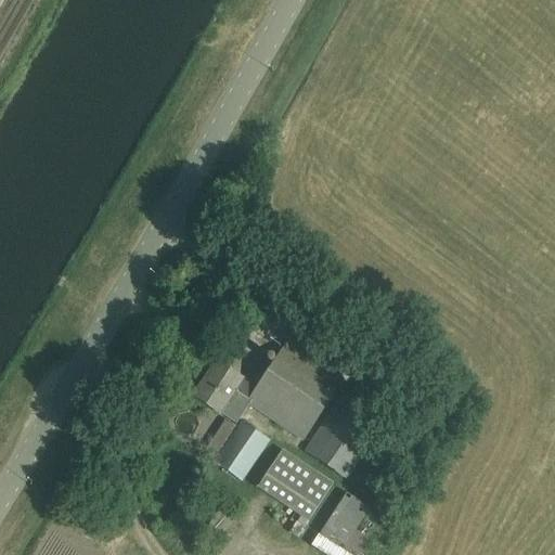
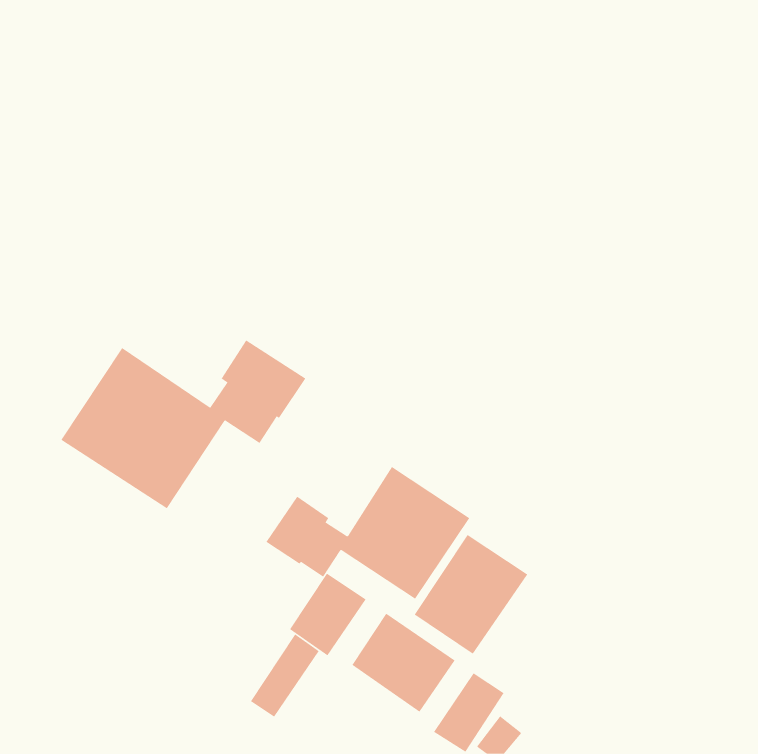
building: none -> [61,339,306,509]
building: none -> [250,633,319,717]

